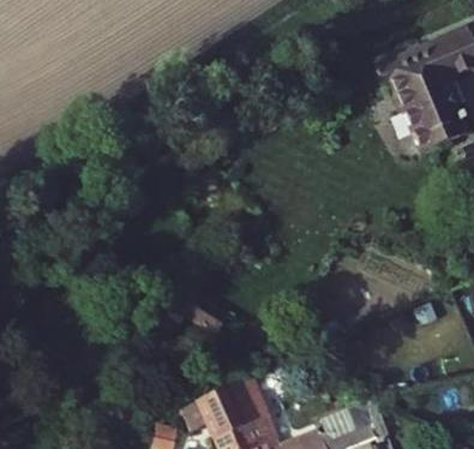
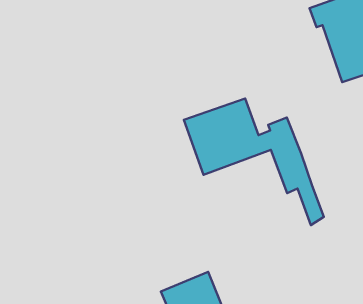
building: none -> [184,98,324,225]

